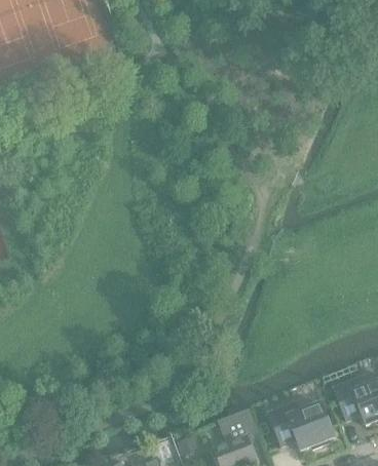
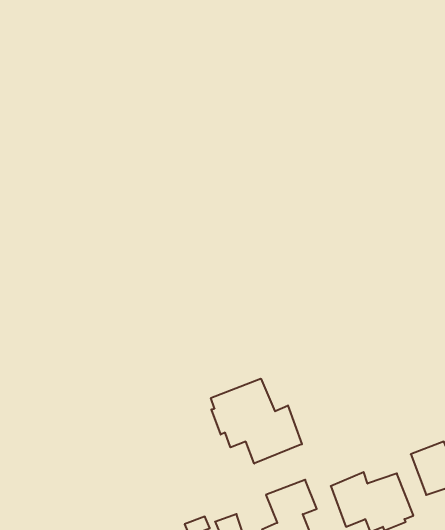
building: none -> [211,379,302,464]

